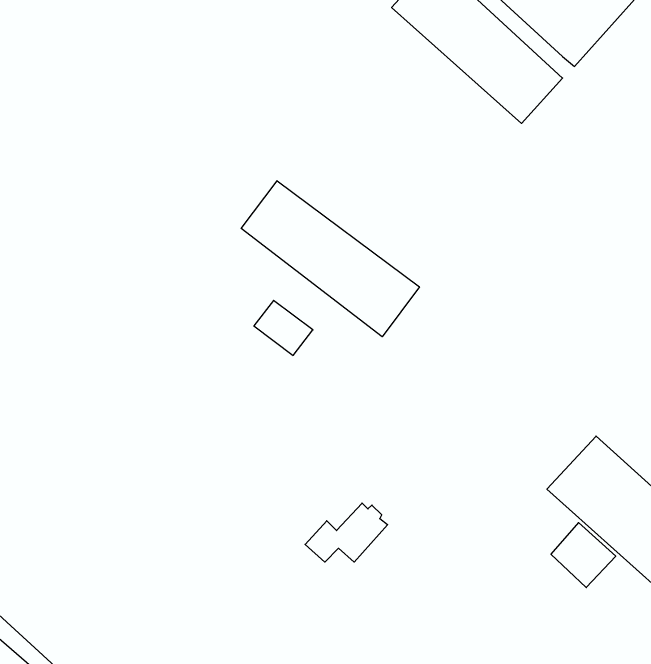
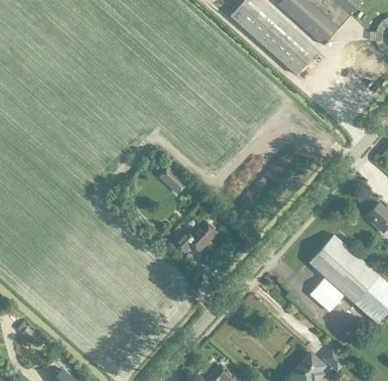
building: [241,181,419,337] -> none
building: [305,503,388,562] -> [174,223,217,253]

